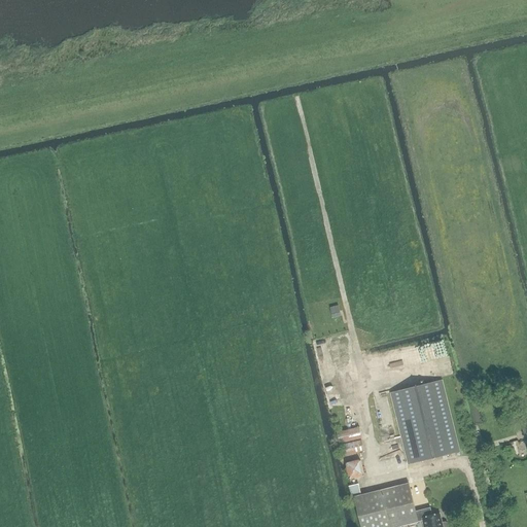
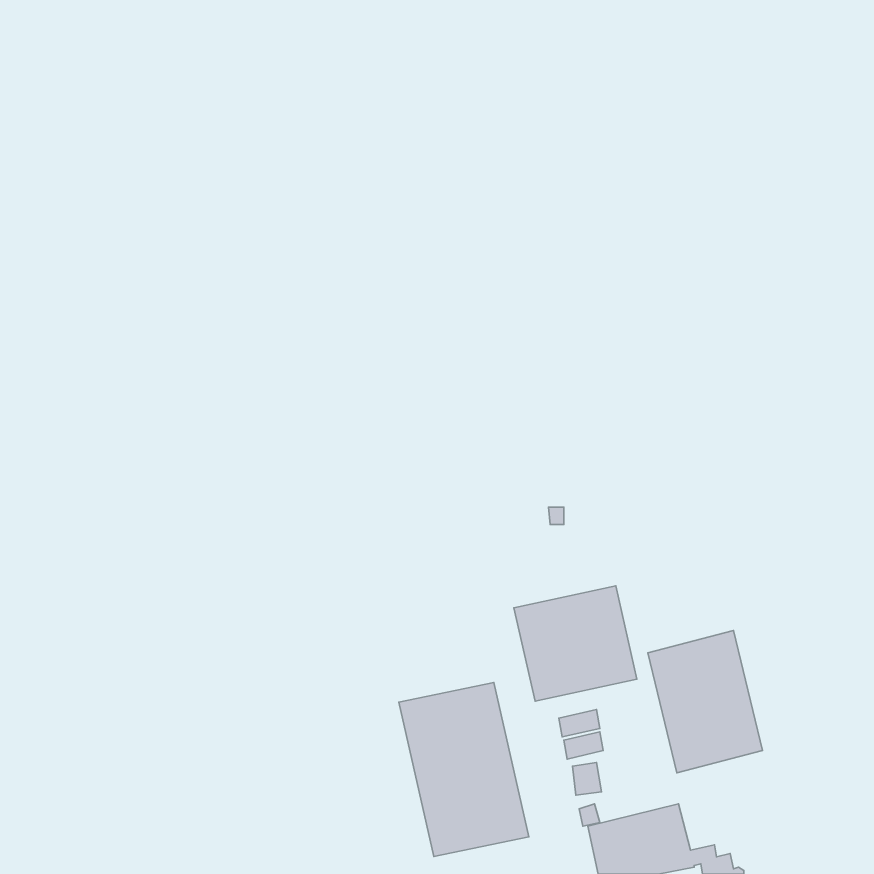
building: none -> [514,586,637,701]
building: none -> [399,682,529,856]

